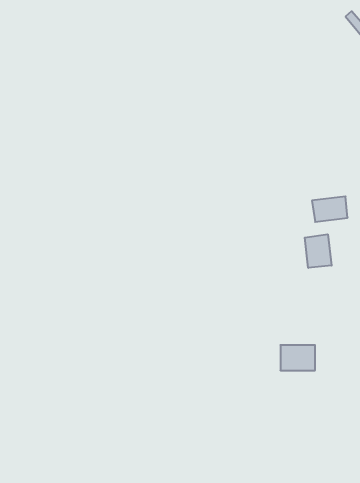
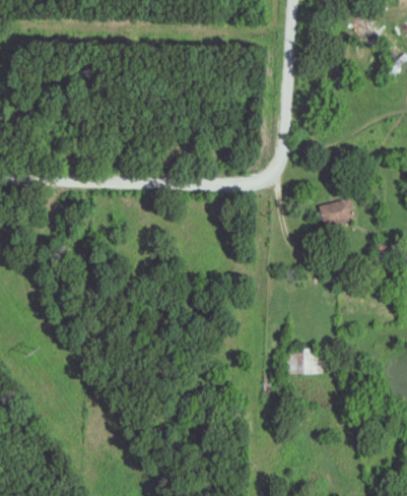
building: [305,234,332,268] -> none

